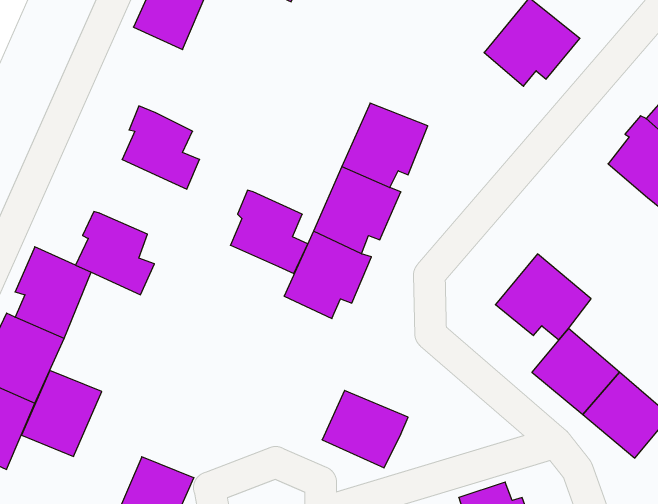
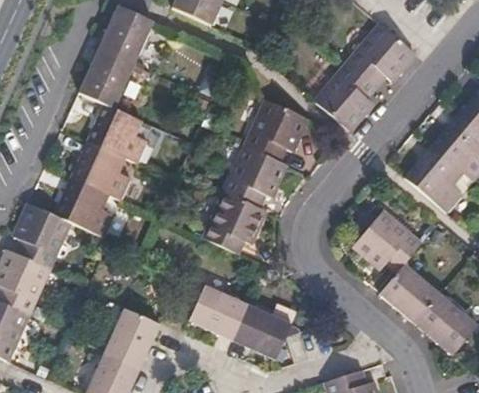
building: none -> [76,48,132,109]
building: none -> [314,66,374,134]
building: none -> [408,142,462,209]
building: [230,190,308,273] -> [73,141,128,200]
building: none -> [190,287,247,341]
building: [21,370,102,456] -> [103,307,160,368]

